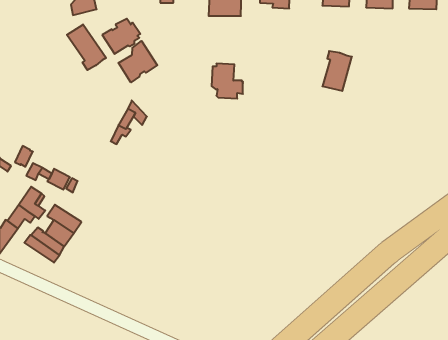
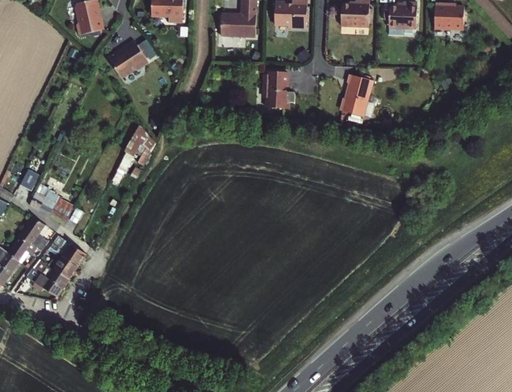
building: [67,24,106,70] -> none
building: [118,41,157,82] -> none
building: [212,64,243,99] -> [263,70,296,107]

